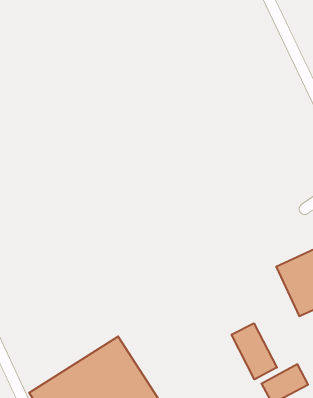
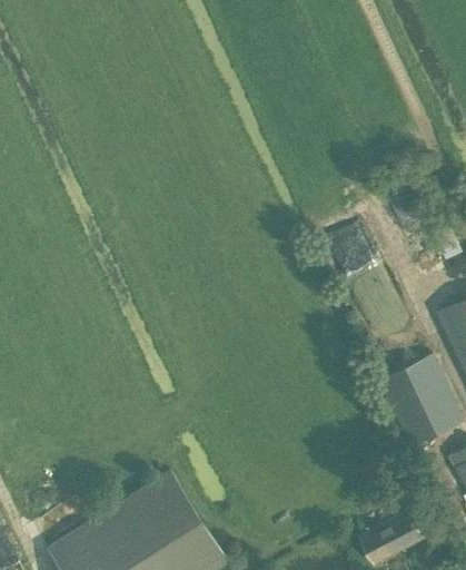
building: [232,323,277,379] -> none

